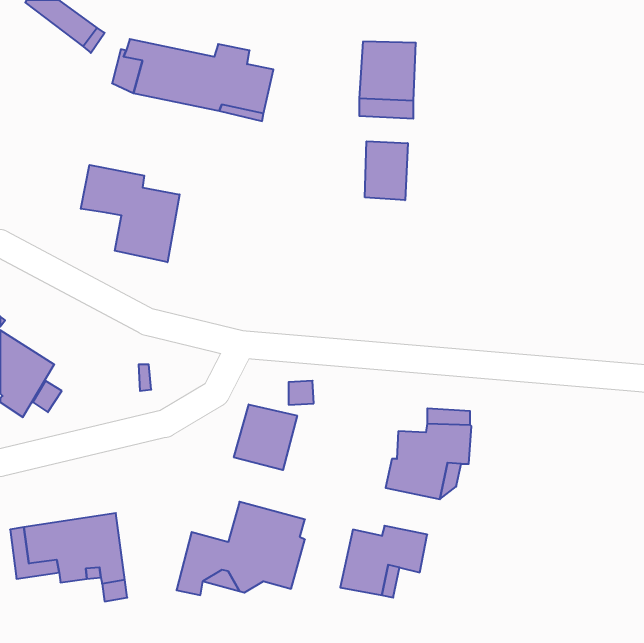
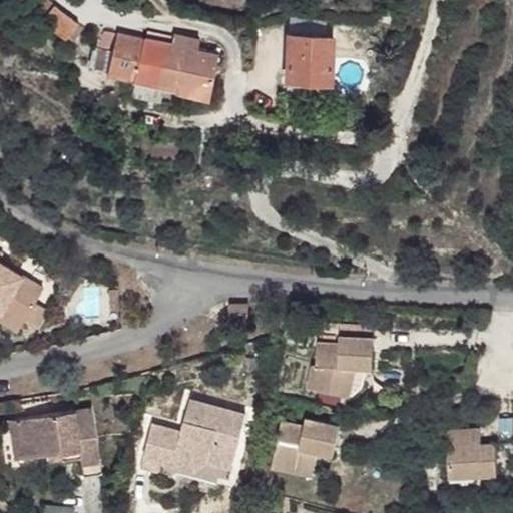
building: [365,141,408,200] -> none
building: [81,165,180,262] -> none
building: [234,404,297,470] -> none
building: none -> [447,429,497,478]

